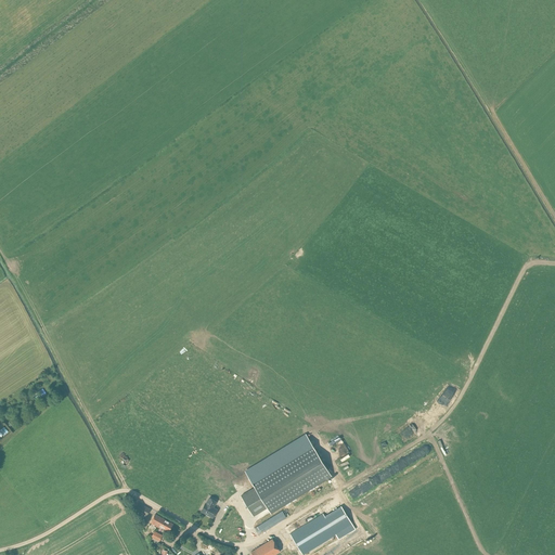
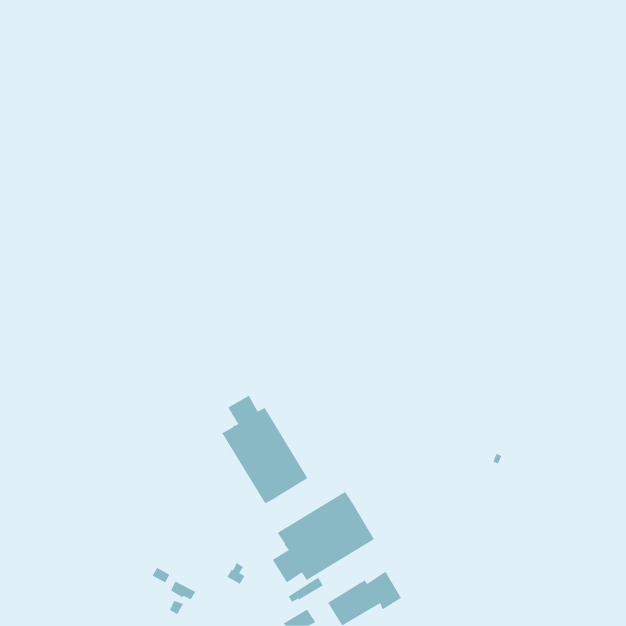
building: none -> [222,395,308,504]

